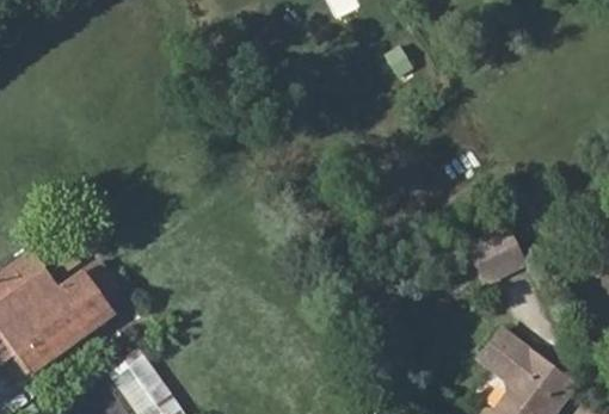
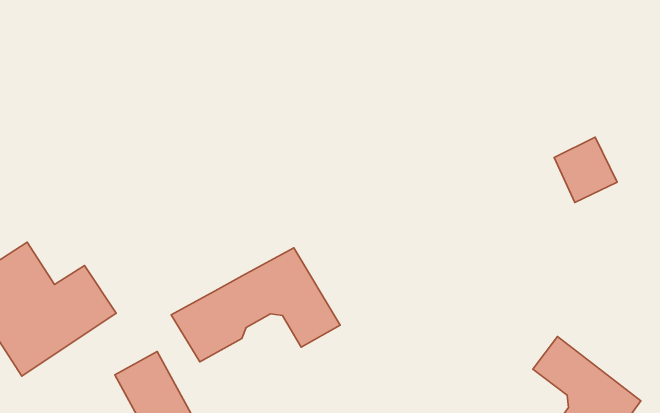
building: [467,228,522,285] -> [554,137,617,203]
building: none -> [171,248,340,362]

